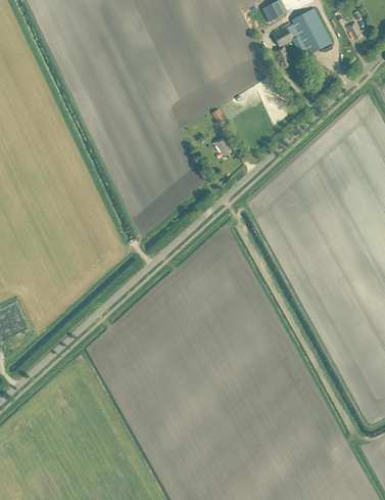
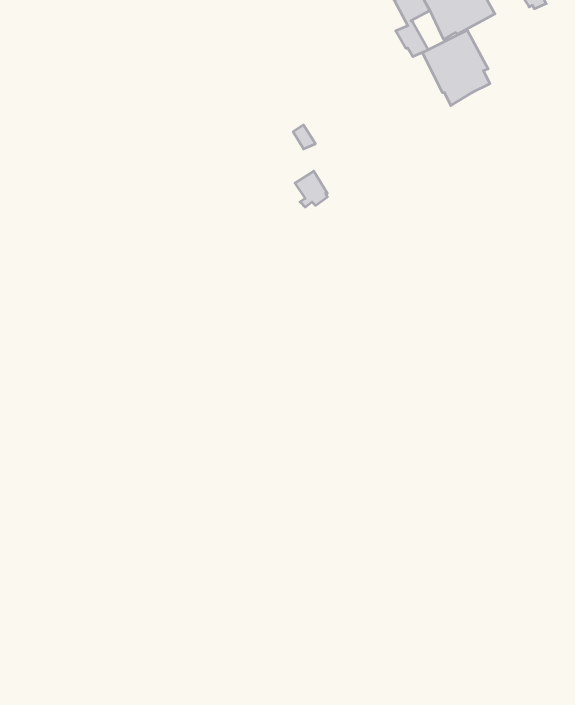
building: none -> [422,30,490,106]

